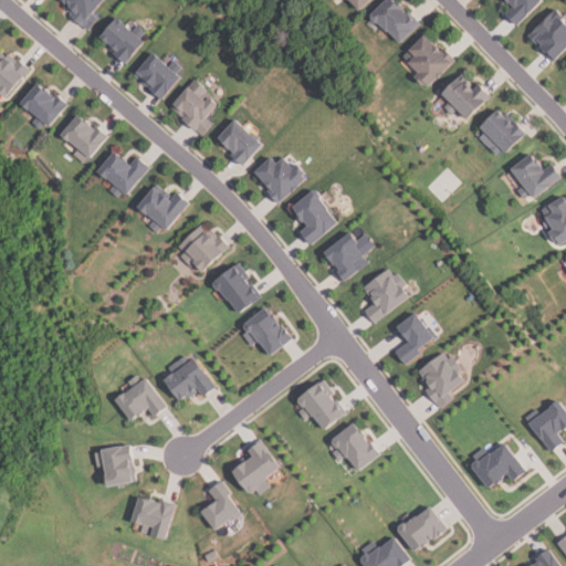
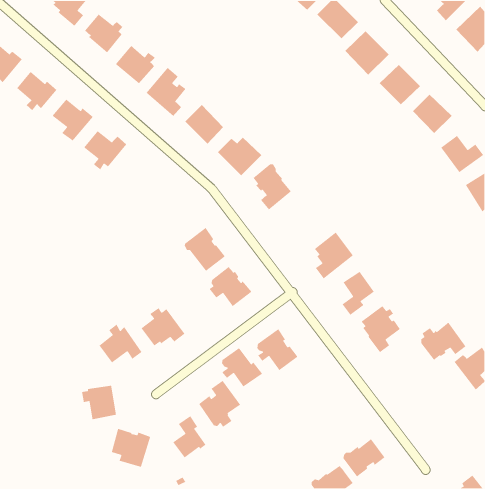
building: [136,186,188,232] -> none
building: [177,224,229,271] -> none
building: [323,231,375,282] -> none
building: [331,423,379,470] -> [221,347,263,387]
building: [472,442,525,488] -> [421,322,467,361]

